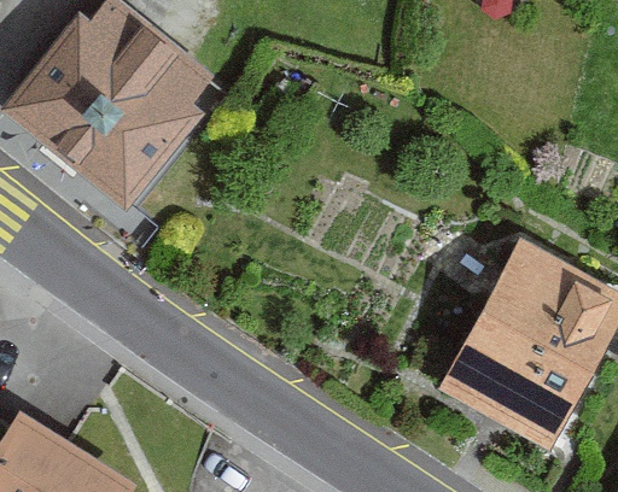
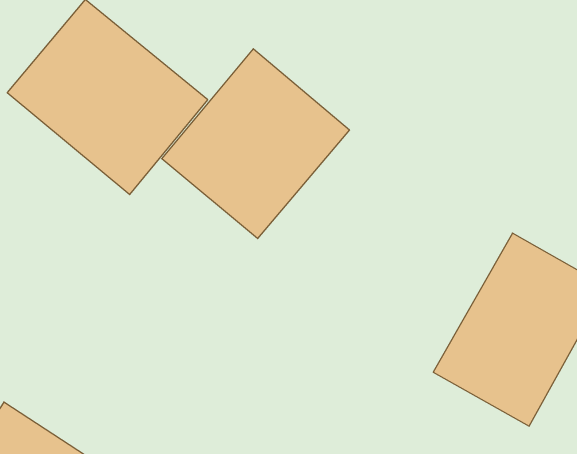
building: none -> [162,49,349,239]

